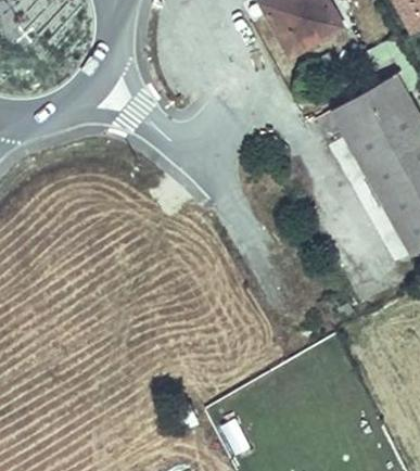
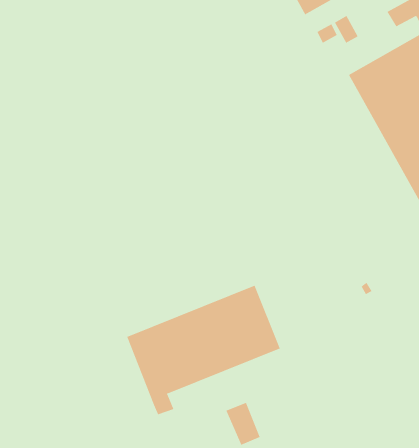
building: none -> [126,285,281,415]

